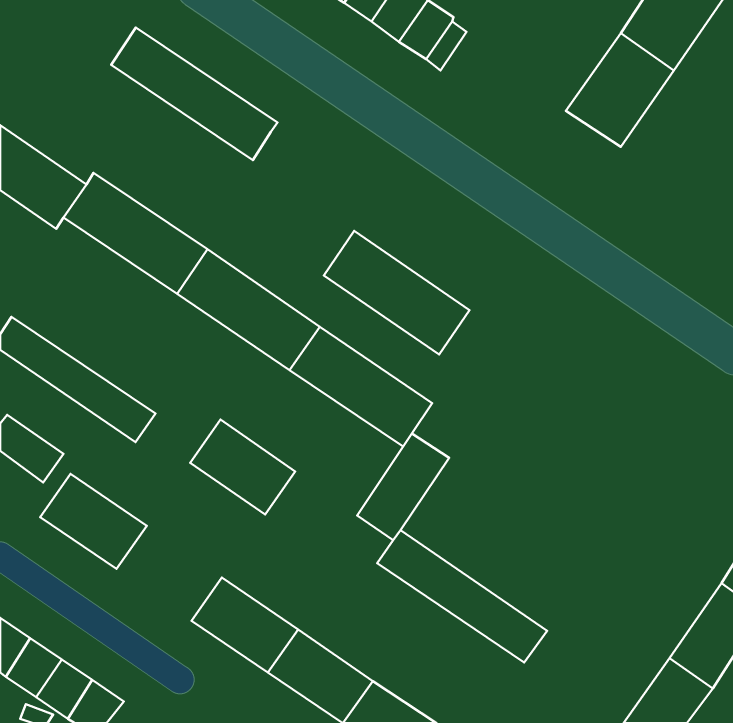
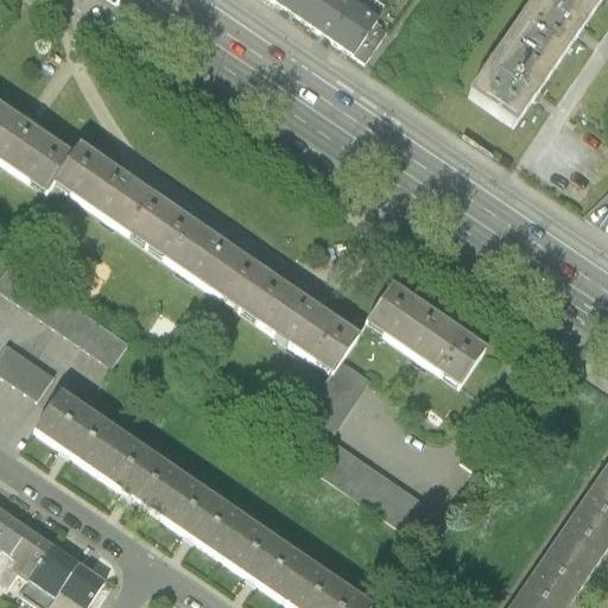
building: [111,28,278,160] -> none
building: [324,231,469,355] -> [368,283,488,385]
building: [190,420,295,515] -> [99,433,185,512]

